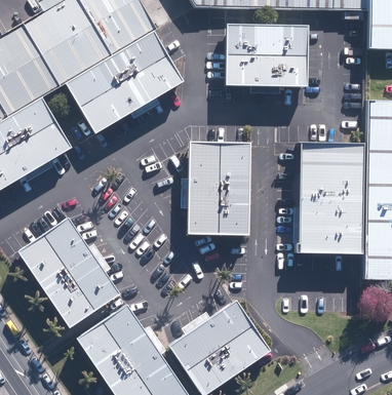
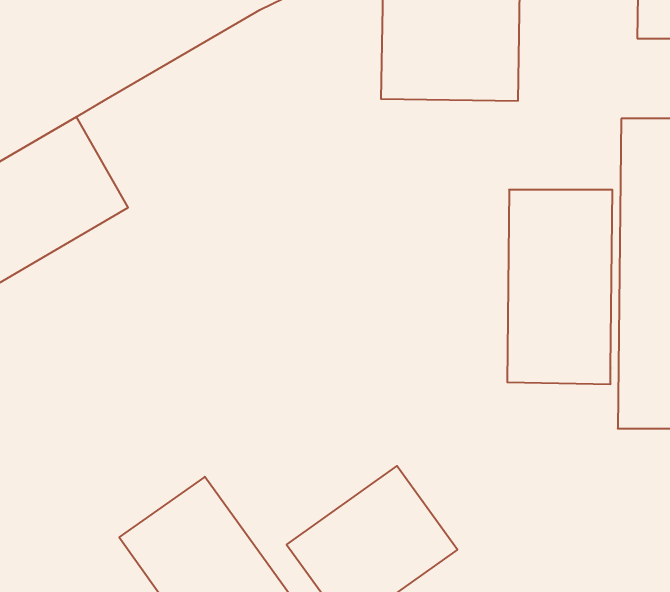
building: [66,36,185,139] -> none
building: [189,143,256,238] -> none
building: [13,215,116,326] -> none

